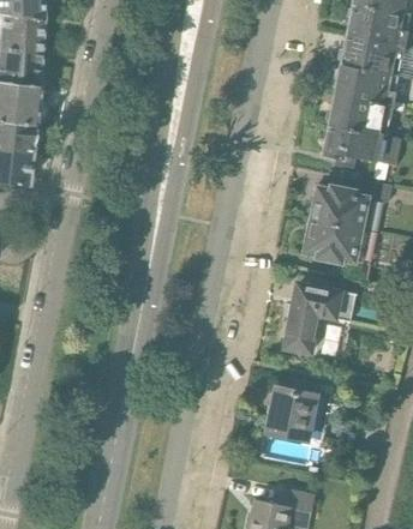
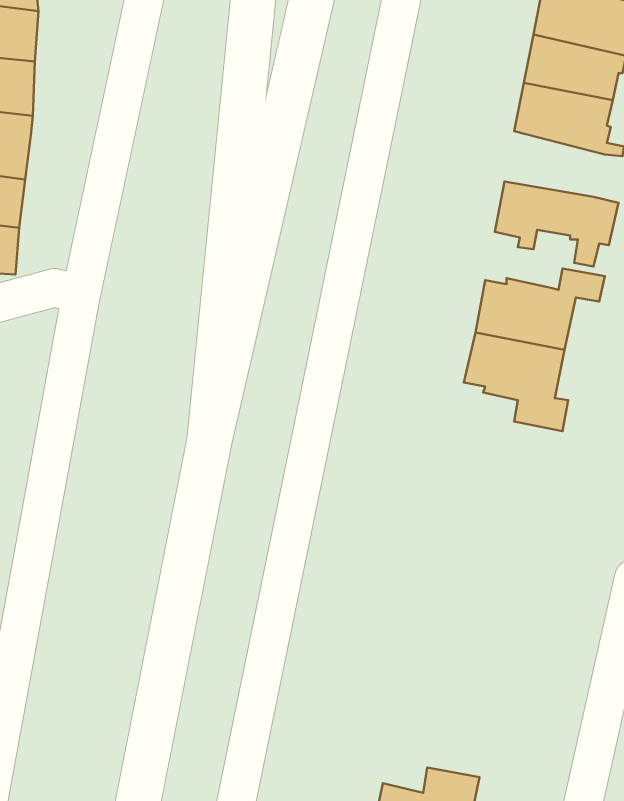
building: [333,95,395,136] -> none
building: [288,282,358,355] -> none
building: [271,384,335,440] -> none

